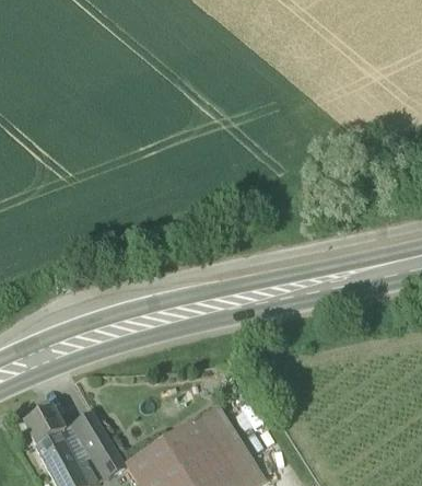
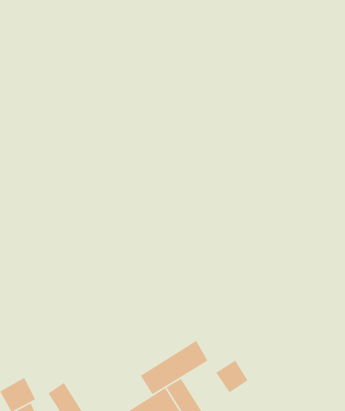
building: none -> [140,340,208,395]
building: none -> [215,360,248,393]

